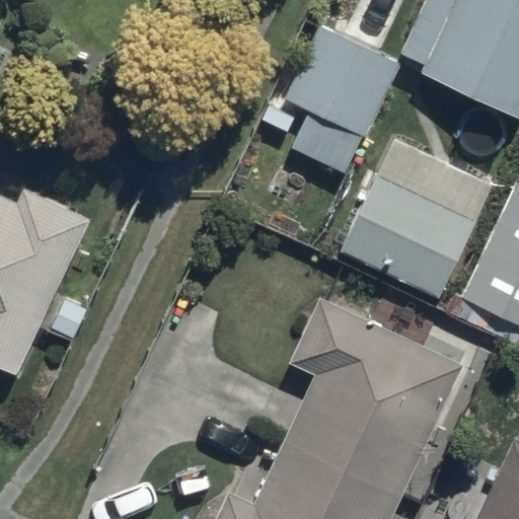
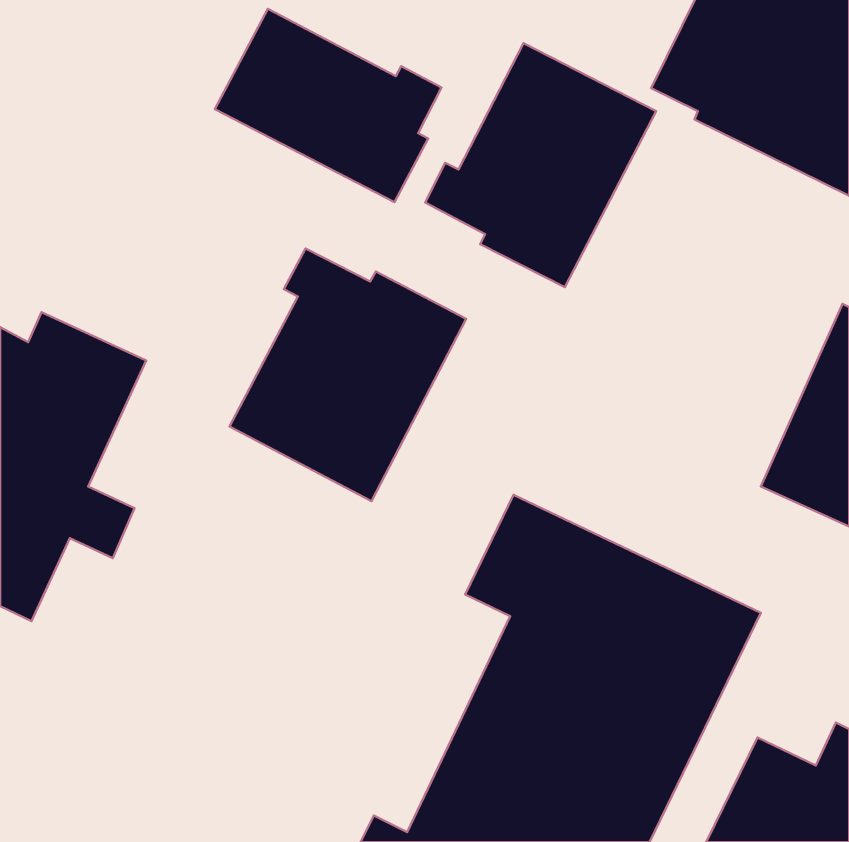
building: none -> [215,9,441,202]
building: [340,140,491,299] -> none
building: none -> [230,249,466,501]

